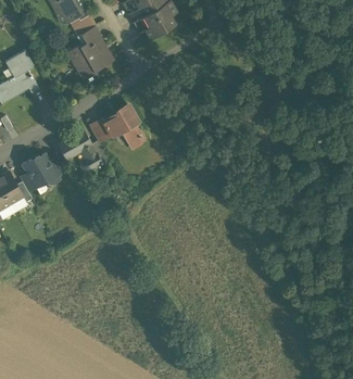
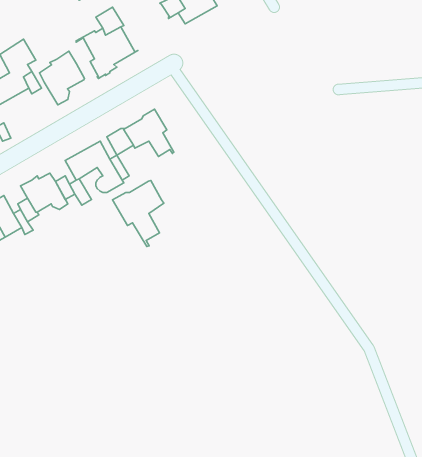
building: none -> [40,51,85,105]
building: none -> [112,180,164,246]

